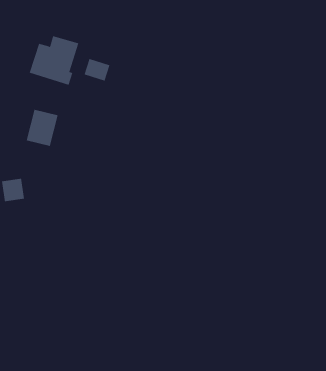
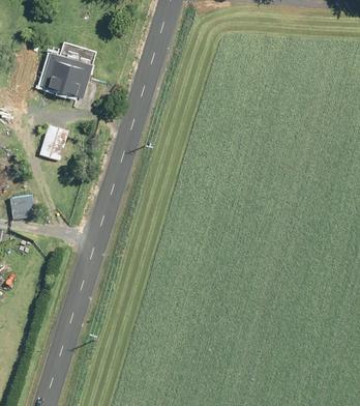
building: [84,58,110,81] -> none

